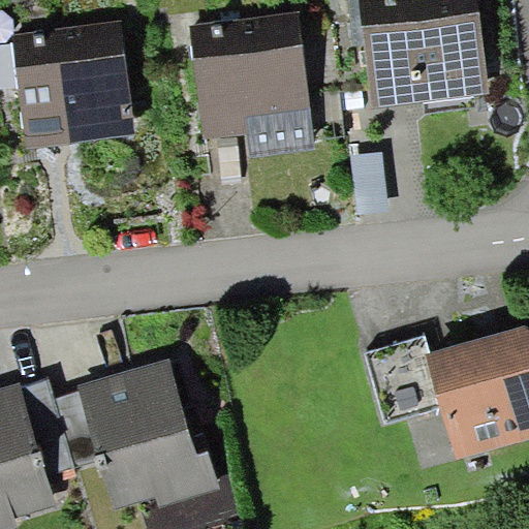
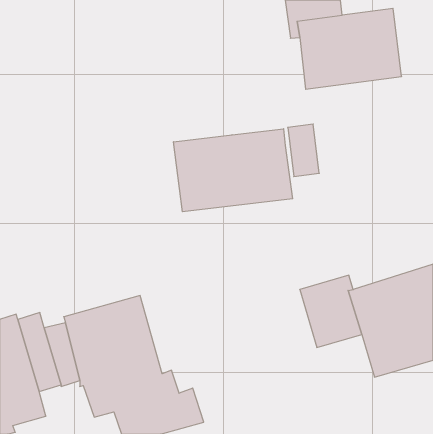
building: [189,10,315,157] -> none
building: [10,20,135,148] -> none
building: none -> [174,129,293,212]

